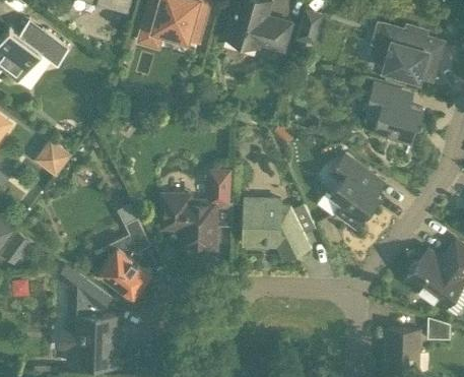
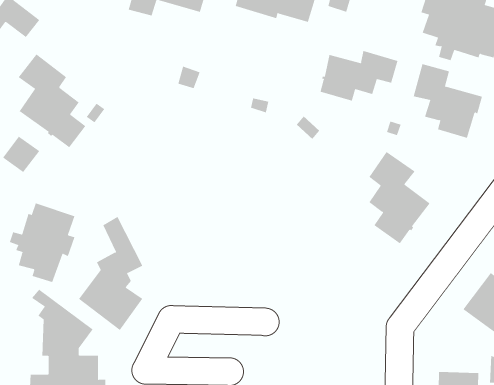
building: none -> [320,50,398,101]
building: none -> [18,54,86,148]
building: [161,172,229,249] -> none
building: none -> [9,203,75,283]
building: [244,197,317,260] -> none

